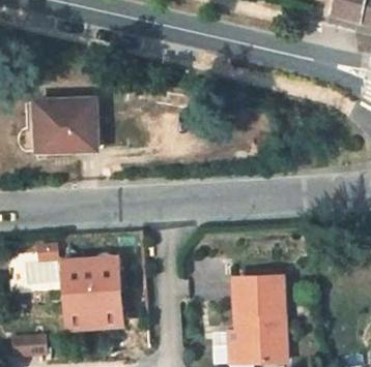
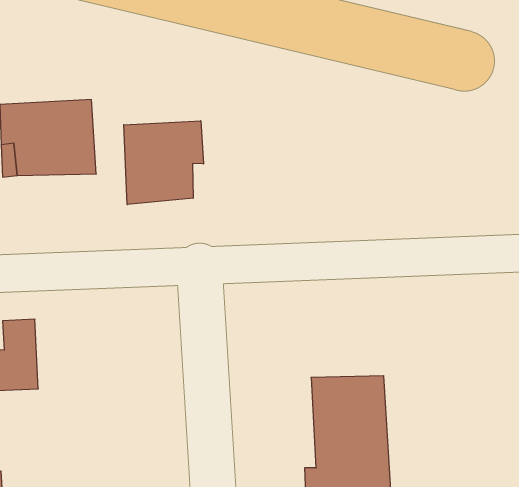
building: none -> [124,121,203,205]
building: [61,253,123,314] -> none

